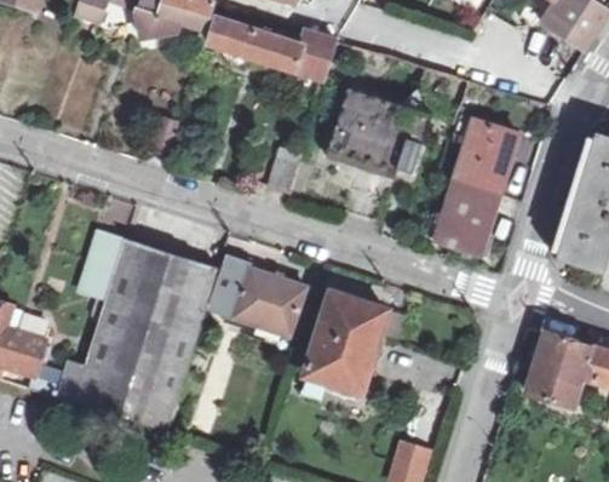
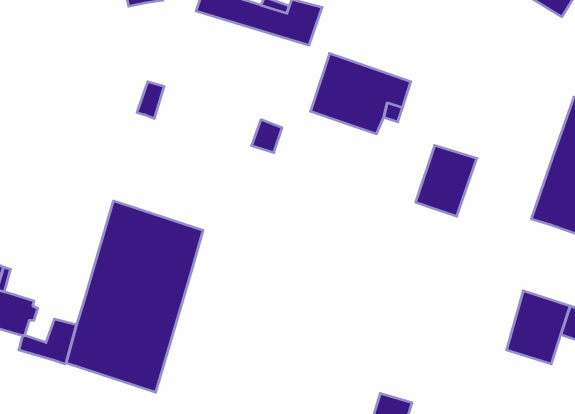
building: [453,120,517,195] -> none
building: [75,230,123,300] -> none
building: [216,272,301,337] -> none
building: [301,292,383,395] -> none

